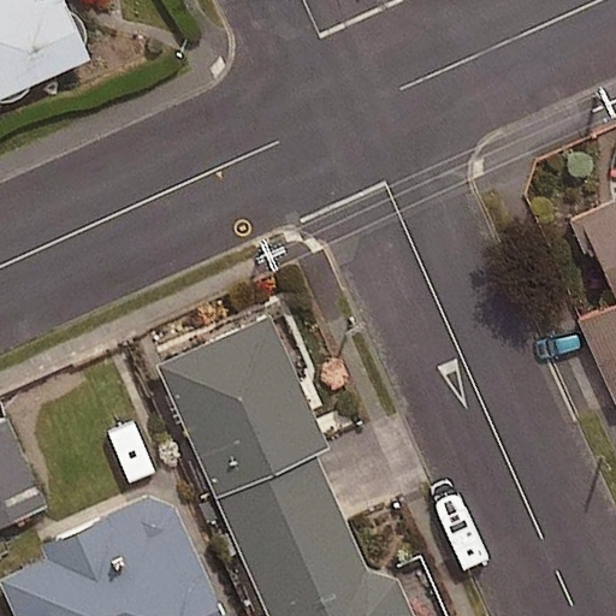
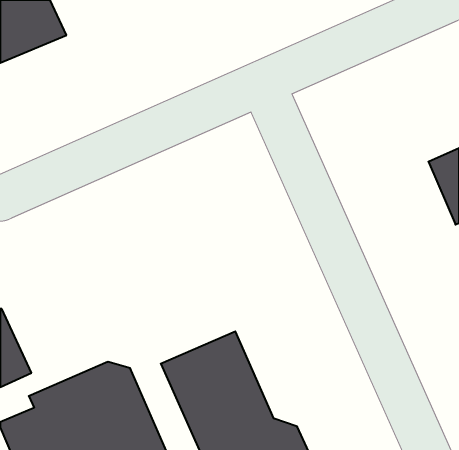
building: [156,316,328,499] -> none

